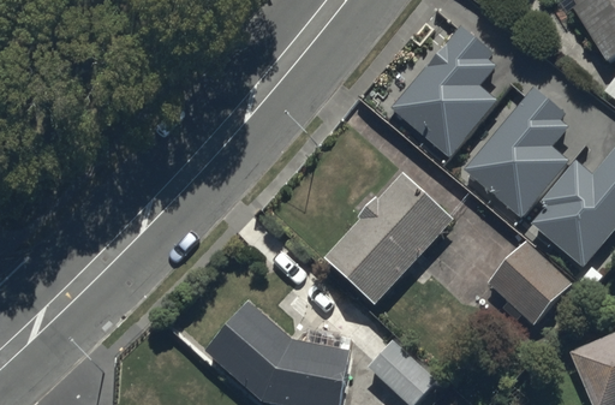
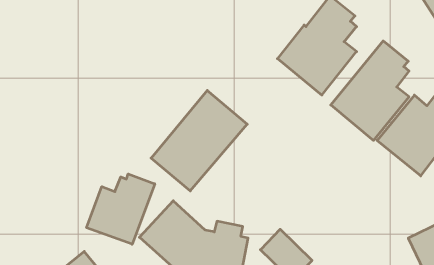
building: [323,172,453,308] -> [151,90,247,191]
building: [488,237,577,324] -> none
building: none -> [87,174,155,244]

